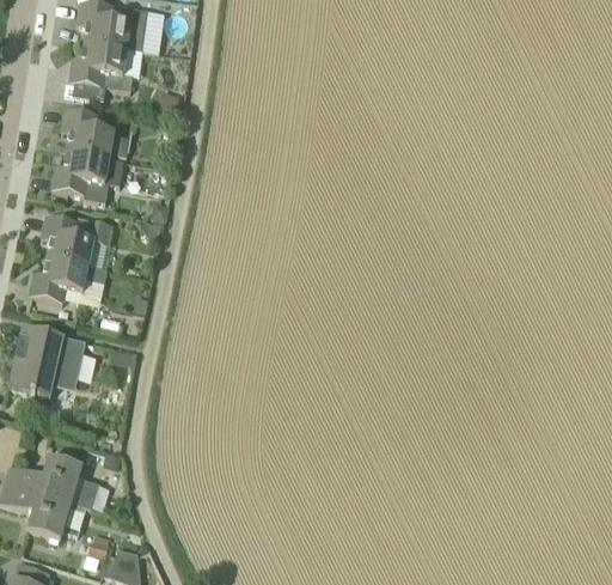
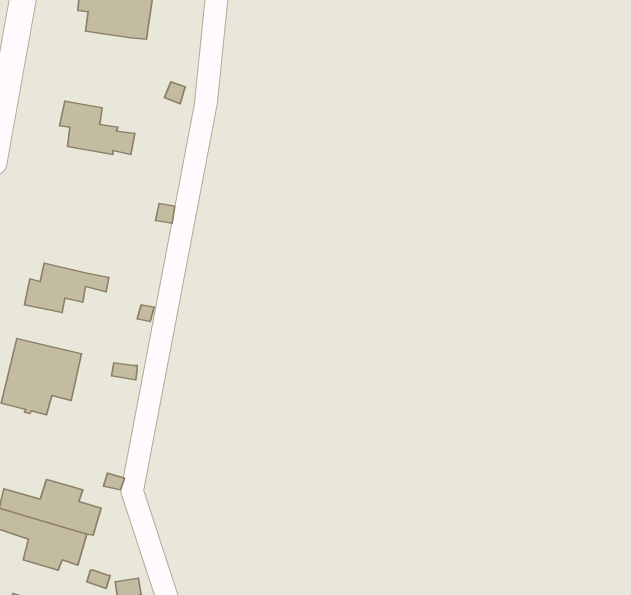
building: [69,44,133,92] -> none
building: [51,151,110,199] -> none
building: [41,215,111,268] -> none

